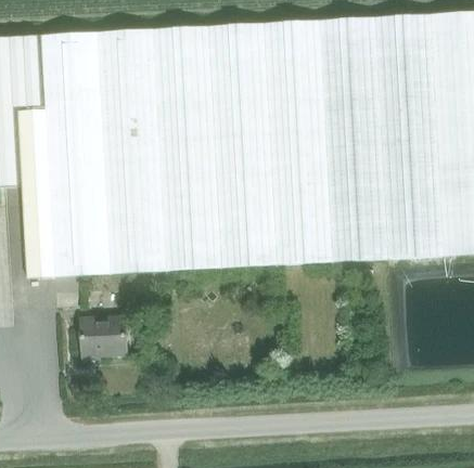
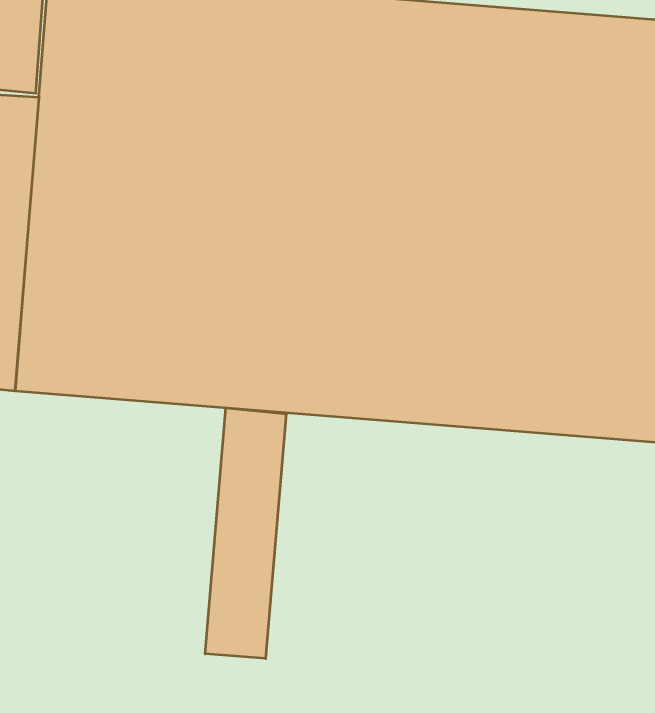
building: none -> [205,408,286,659]
building: [81,315,127,354] -> none

